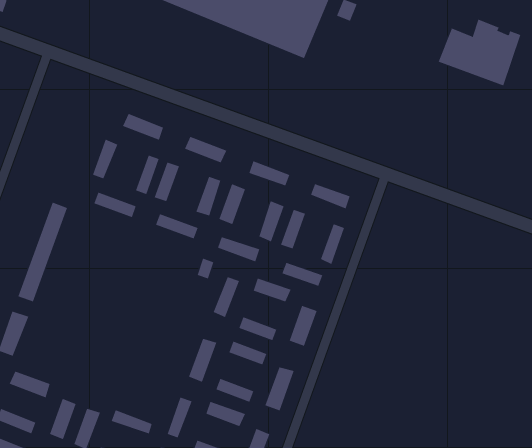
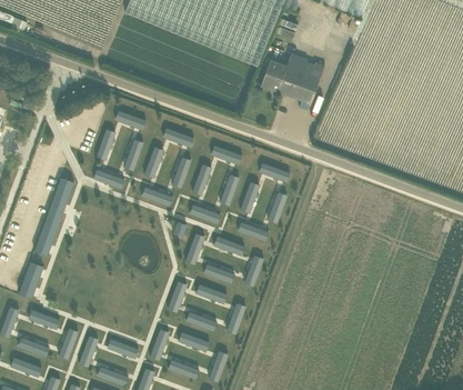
building: [438,19,521,86] -> [260,51,324,103]

